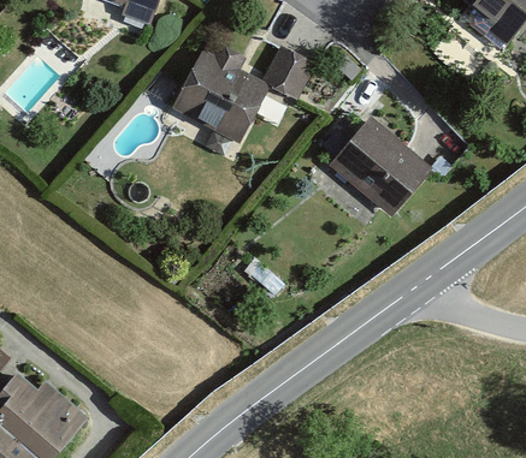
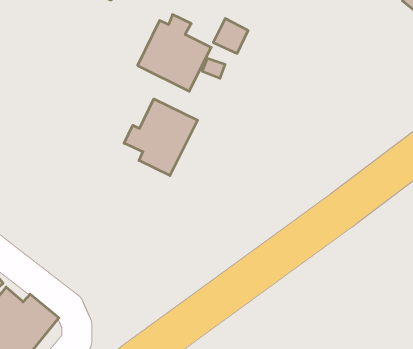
building: [333,119,425,208] -> none
building: none -> [124,99,198,176]

